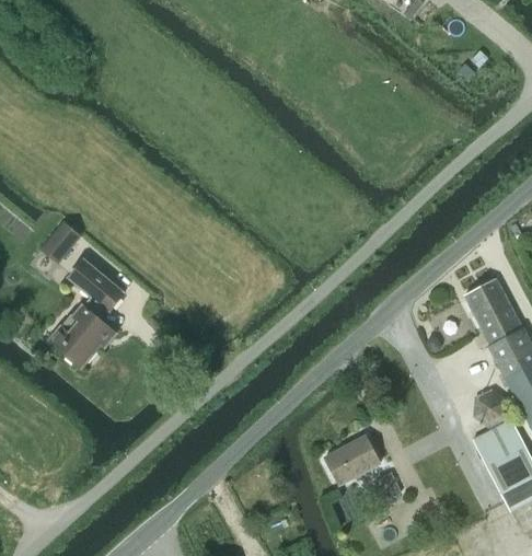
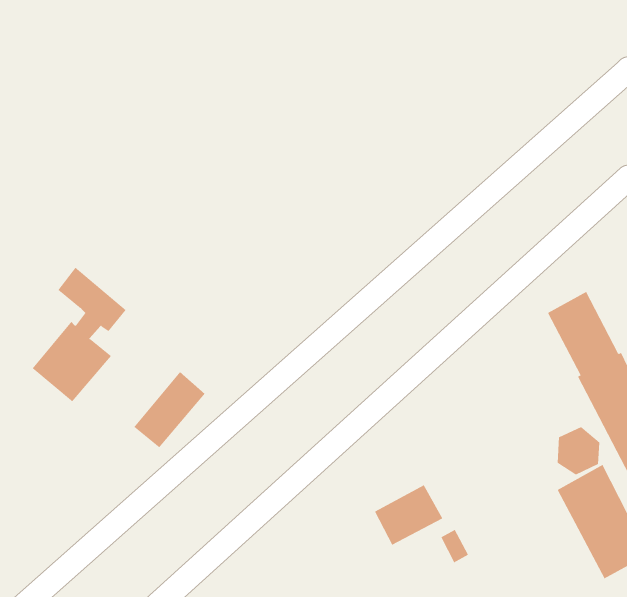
building: [42,221,81,262] -> none
building: none -> [134,371,205,448]

